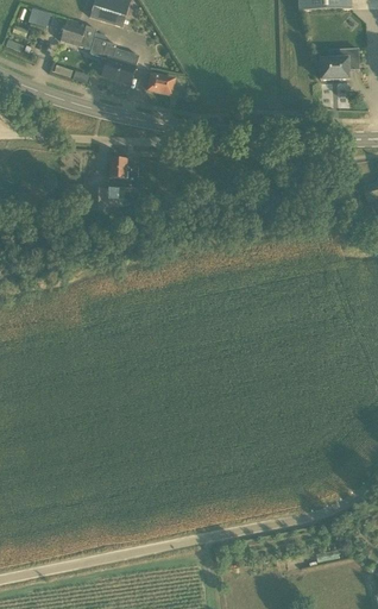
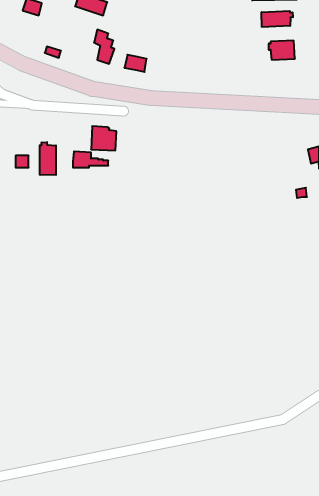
building: [61,18,119,79] -> none
building: none -> [262,11,293,27]
building: none -> [40,142,56,175]

